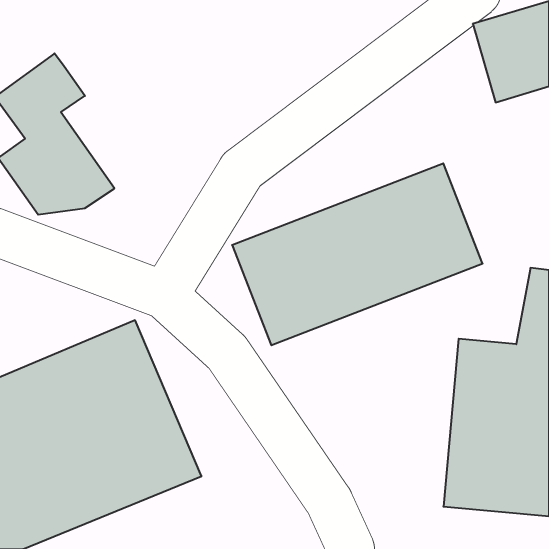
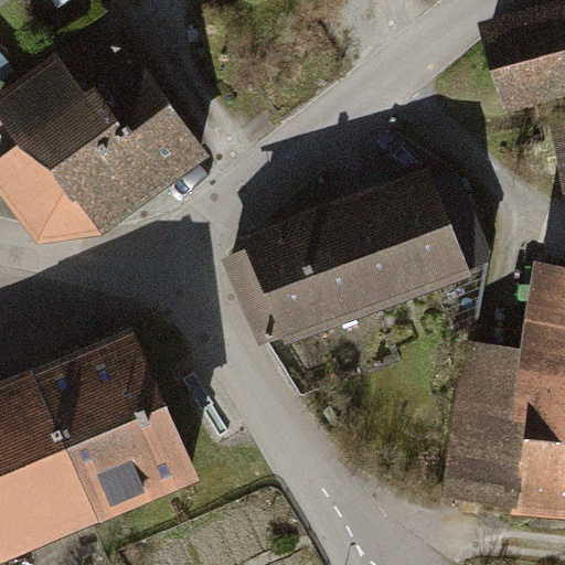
building: none -> [62,33,190,191]

